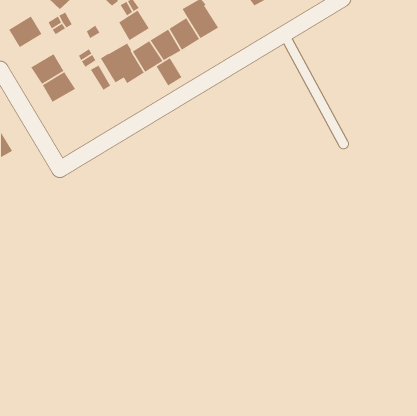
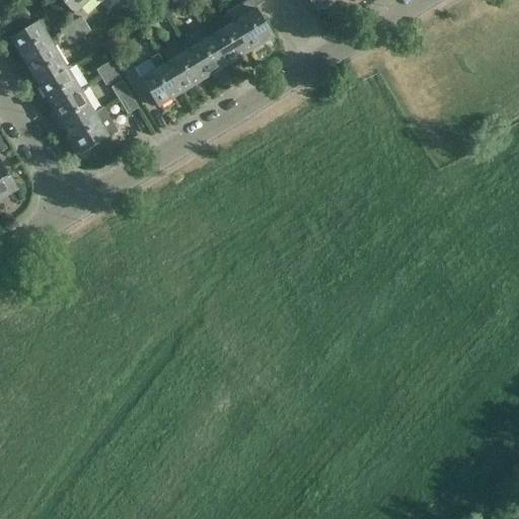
building: [118,9,150,41] -> none
building: none -> [25,43,68,83]
building: [156,57,183,86] -> none
building: none -> [66,106,118,151]

